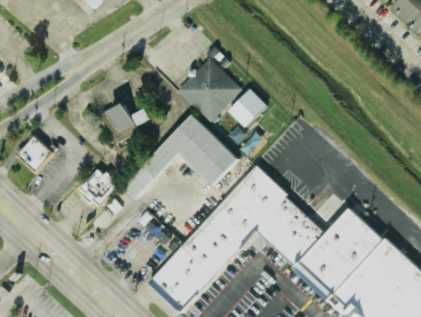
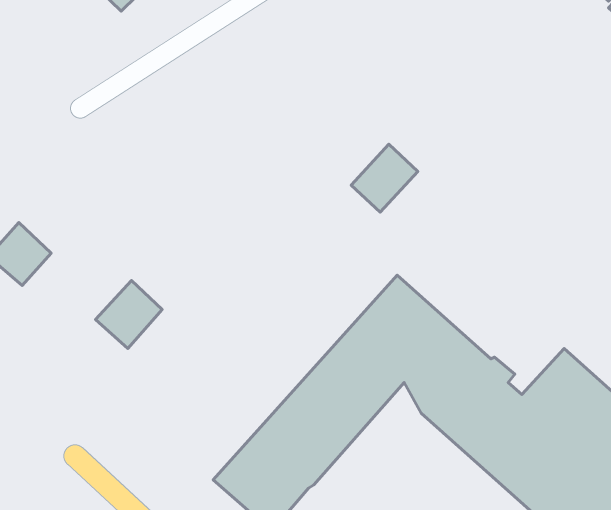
building: [177,57,242,122] -> none
building: [104,103,151,142] -> none
building: [121,113,240,200] -> none

